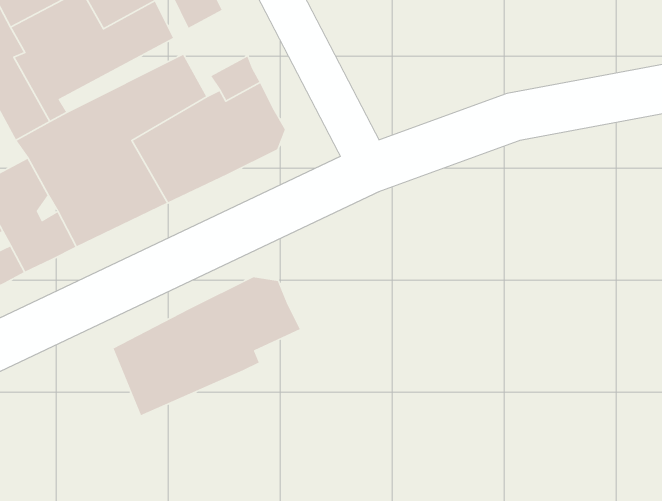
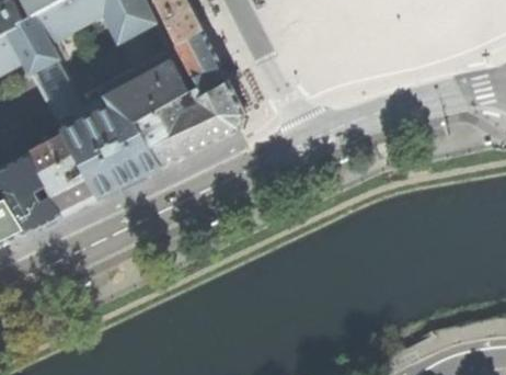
building: none -> [173,31,216,77]
building: [113,276,301,416] -> none

